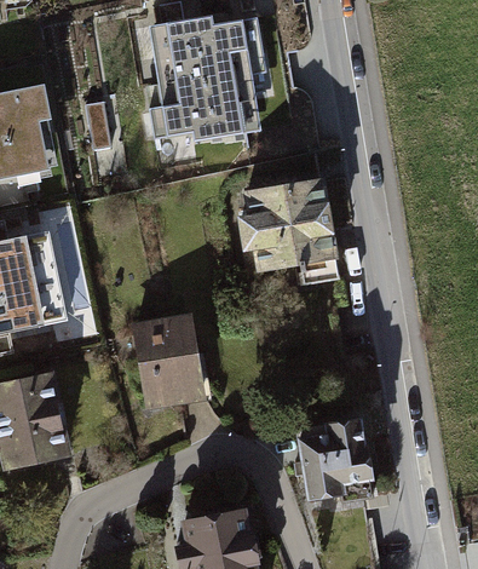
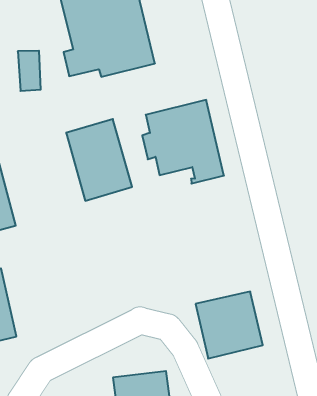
building: [127,320,205,419] -> [66,119,132,201]

